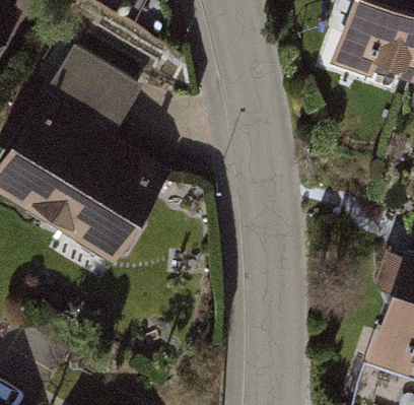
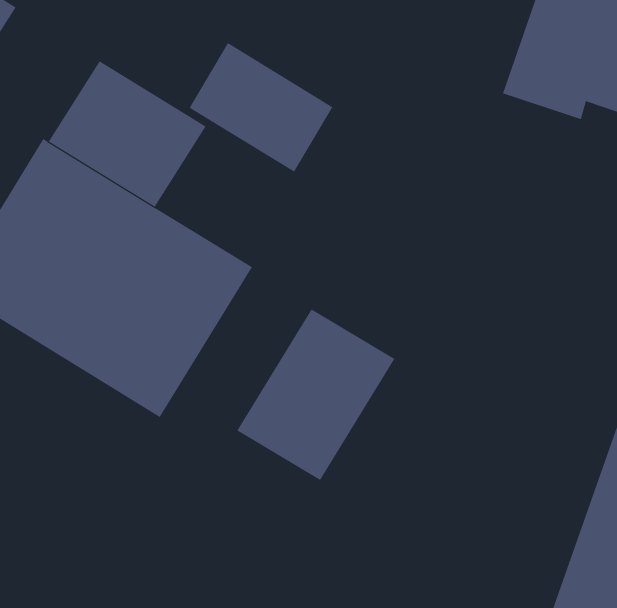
building: none -> [189,42,333,173]
building: none -> [237,309,395,481]

